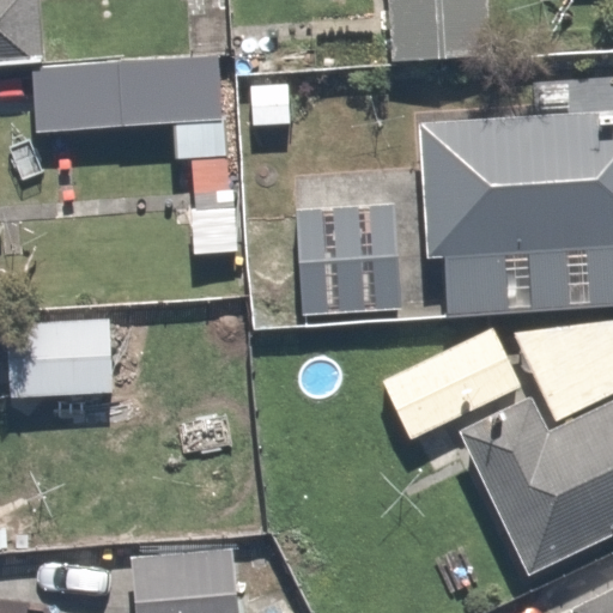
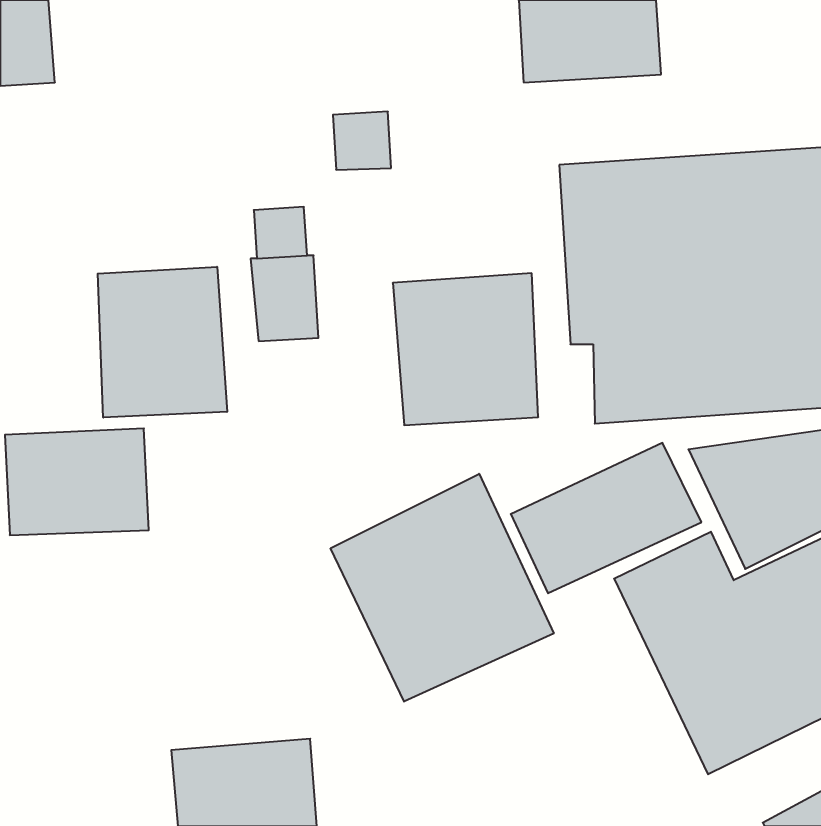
building: [30,55,223,133] -> none
building: none -> [98,267,227,418]
building: none -> [331,474,554,702]

